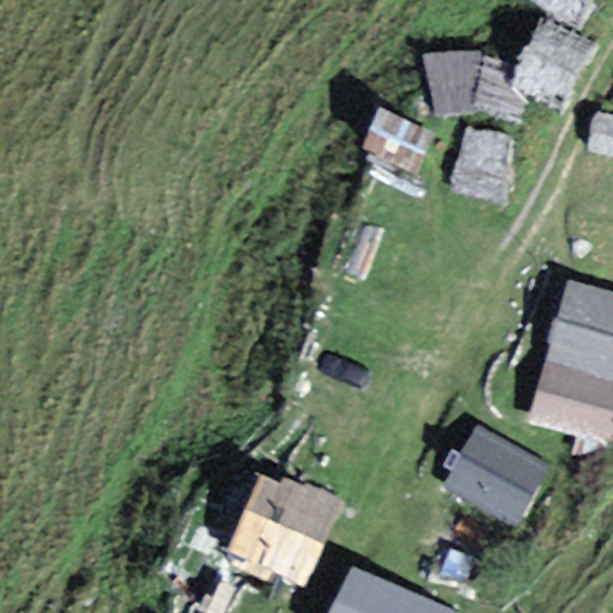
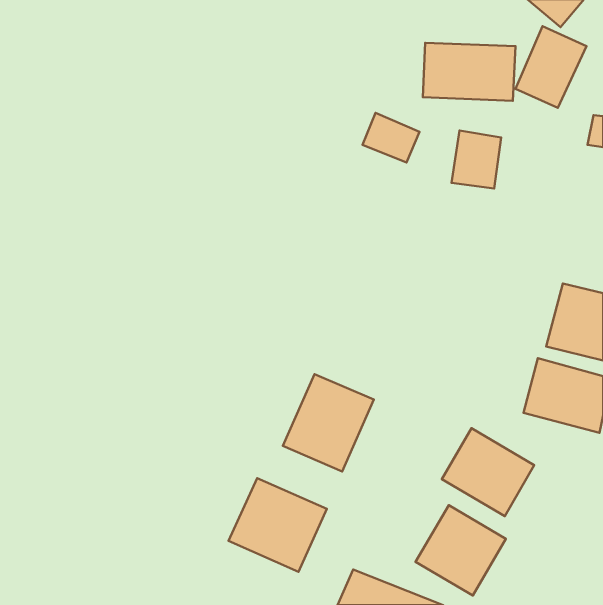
building: none -> [283,374,374,471]
building: none -> [415,505,506,596]

